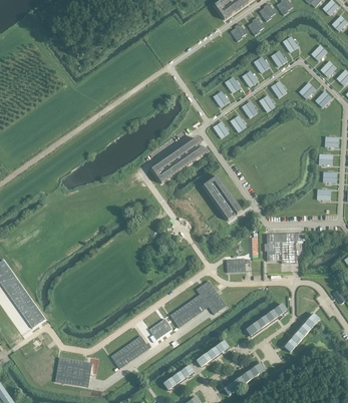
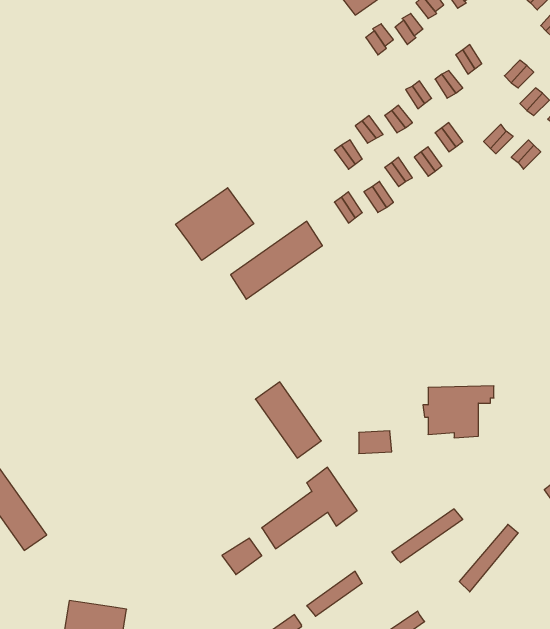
building: none -> [176,188,254,260]
building: [204,175,242,220] -> [255,382,321,458]
building: [111,335,149,368] -> none

